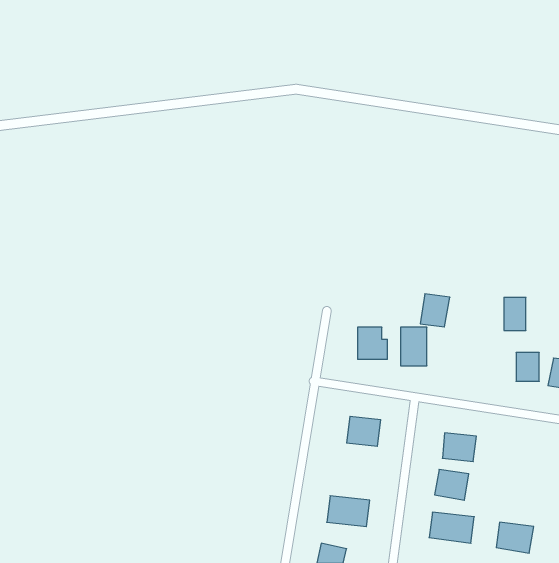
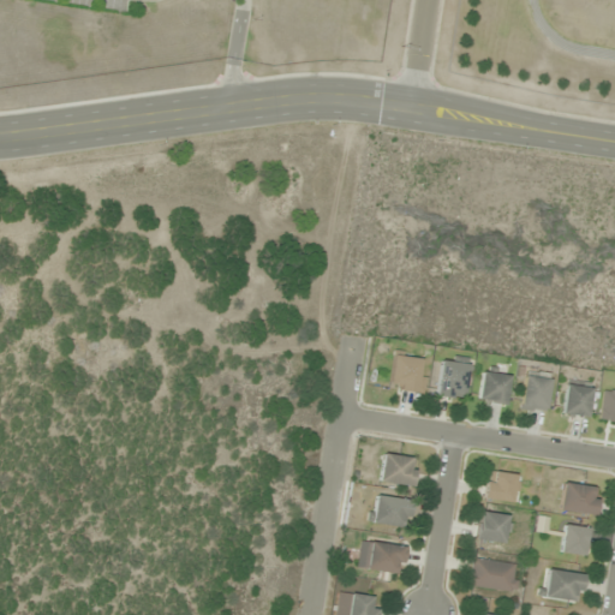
building: [420,294,450,327] -> [480,369,513,405]
building: [504,297,526,330] -> [526,375,550,411]
building: none -> [562,483,602,515]
building: none -> [374,496,414,529]
building: none -> [563,525,590,556]

